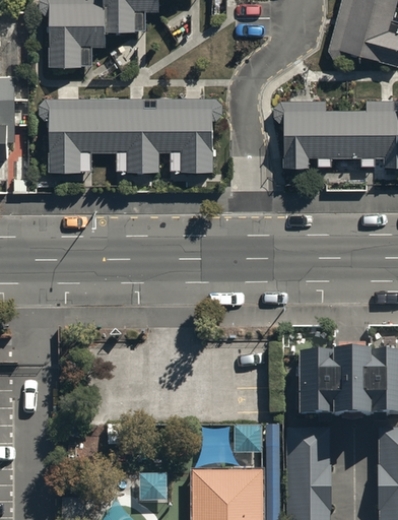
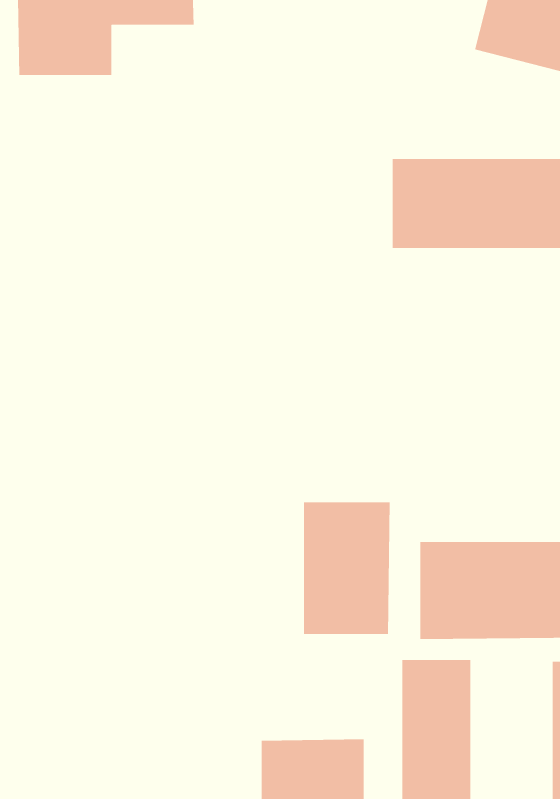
building: [48,100,210,171] -> none
building: none -> [303,501,390,635]

